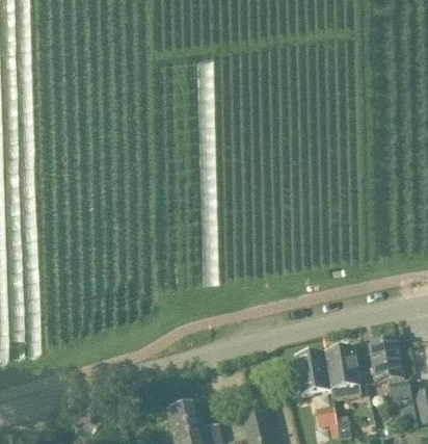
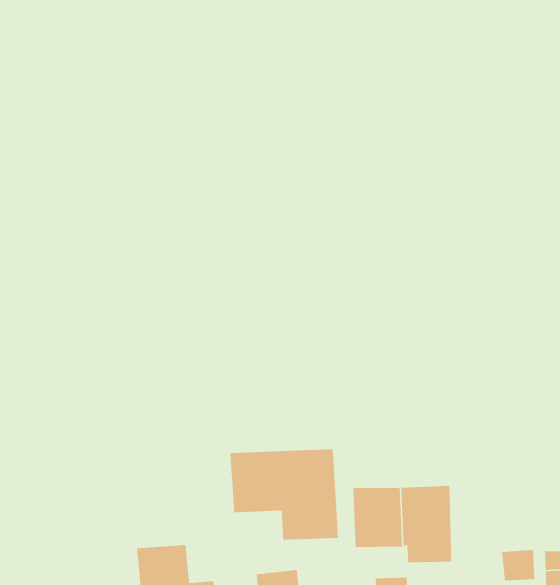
building: none -> [230,448,339,541]
building: [369,338,402,380] -> none

